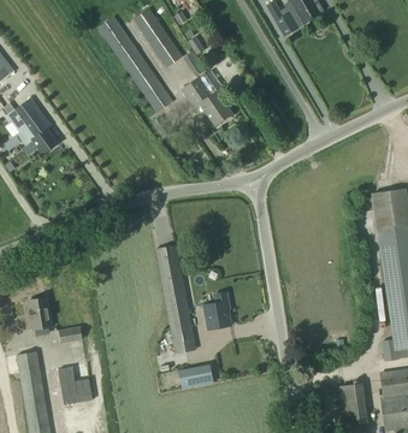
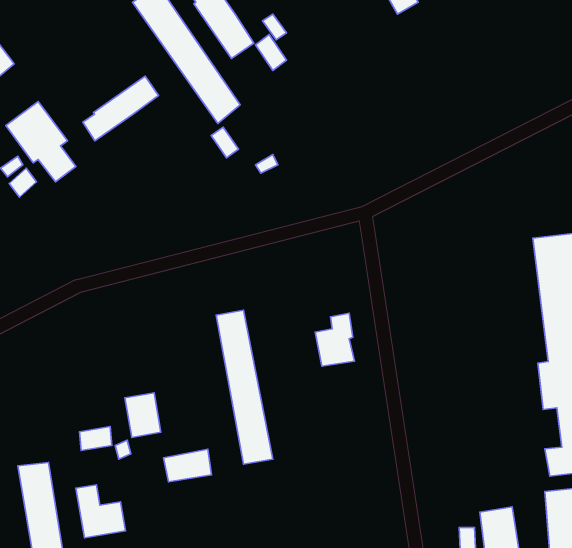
building: [182,76,231,127] -> none
building: none -> [83,76,159,141]
building: [203,291,231,328] -> [315,313,354,366]
building: [26,297,52,328] -> [125,393,161,437]
building: [178,364,212,387] -> [163,449,211,482]

